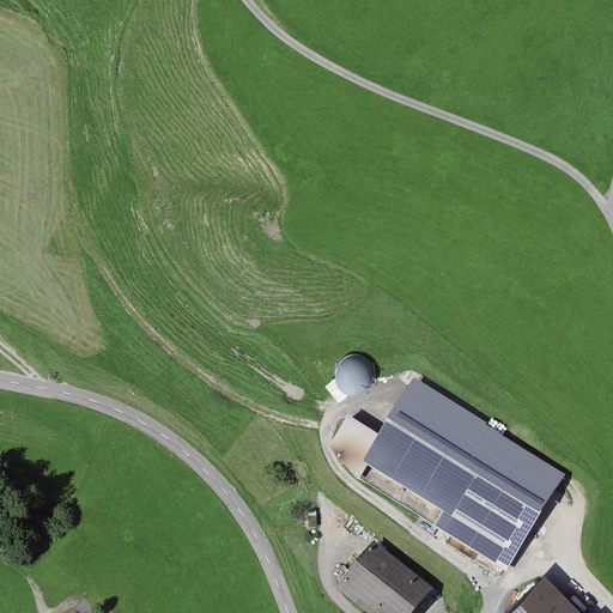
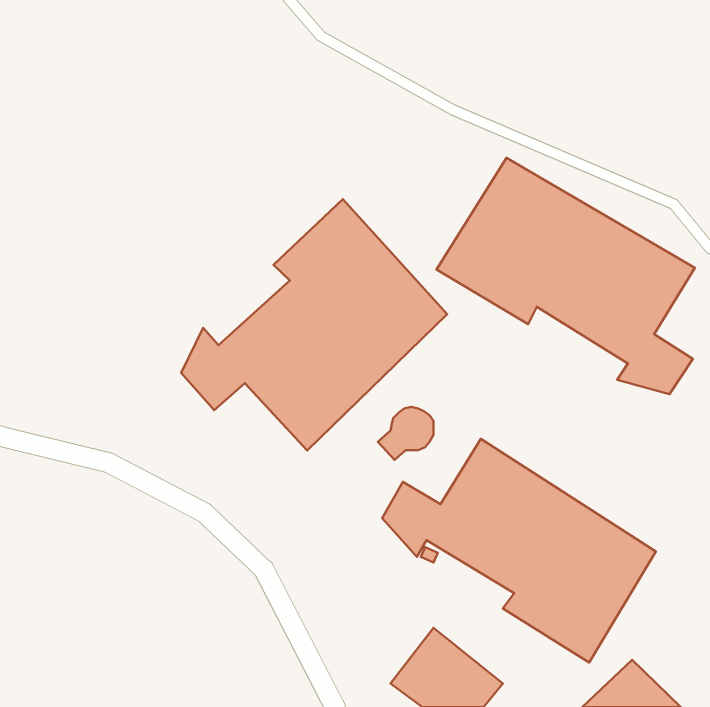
building: none -> [437,158,695,394]
building: none -> [181,199,447,451]

